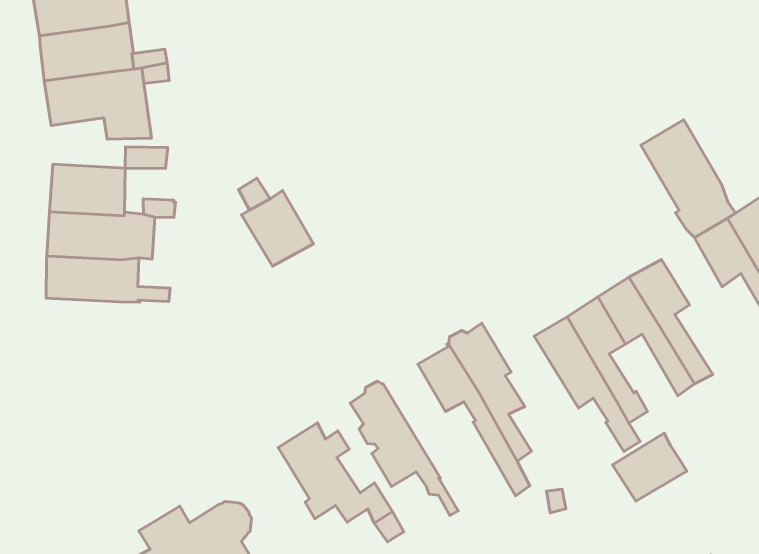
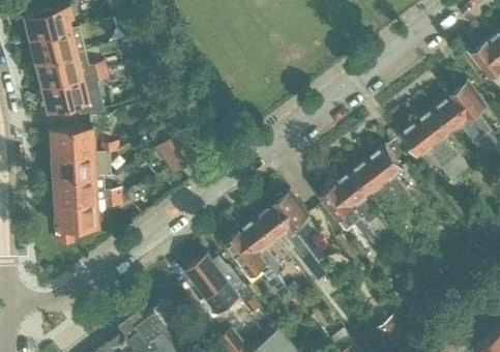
building: [641,120,735,237] -> none
building: none -> [55,198,122,243]
building: none -> [241,217,285,277]
building: [613,433,687,501] -> none

